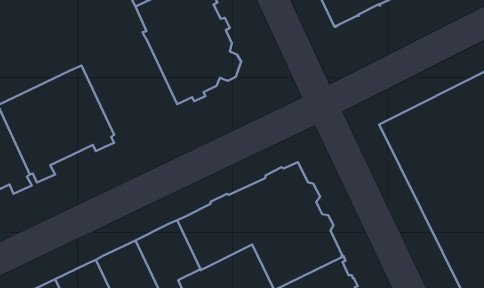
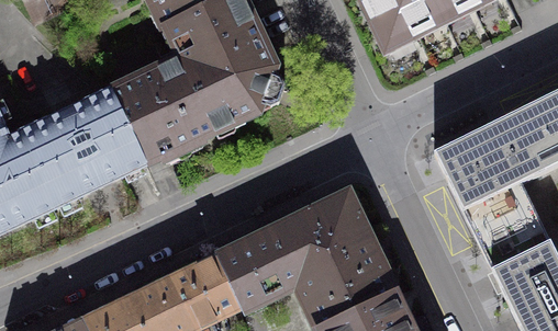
building: none -> [112,59,215,162]

